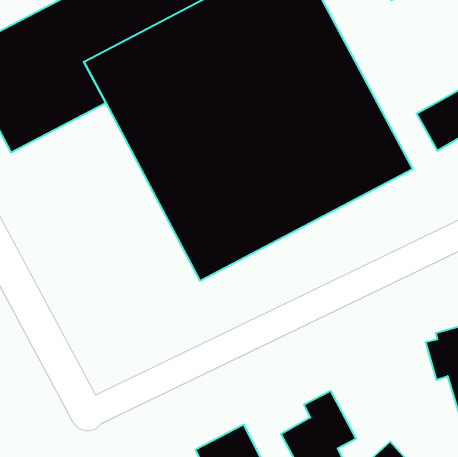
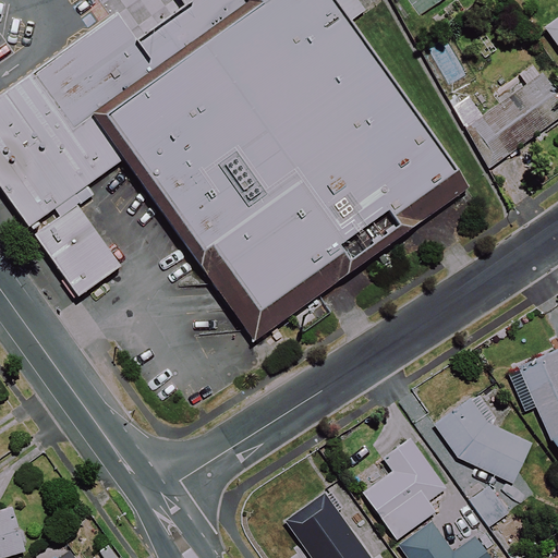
building: none -> [43,205,128,296]
building: none -> [430,391,527,480]

